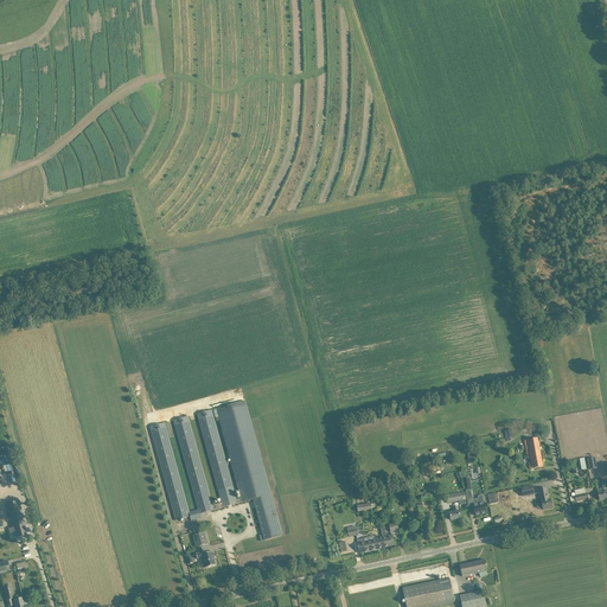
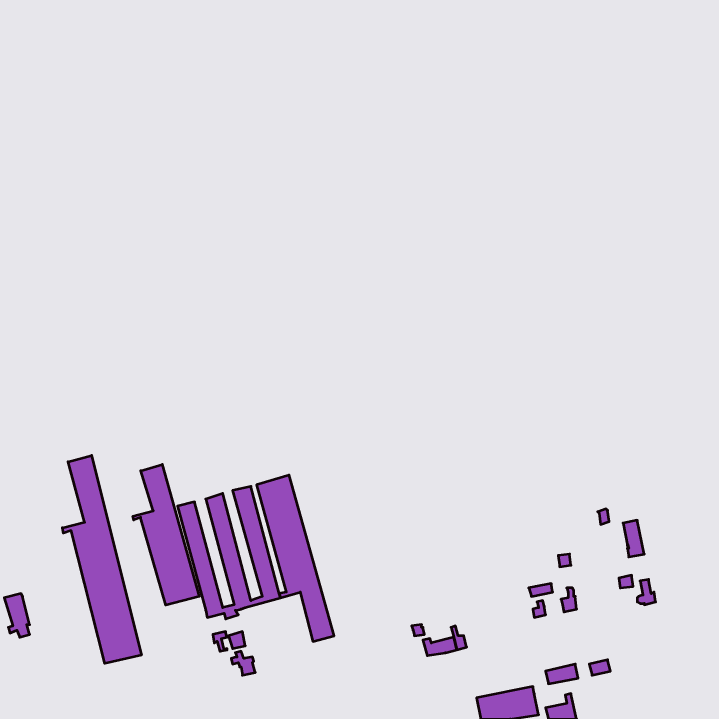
building: none -> [62,455,141,663]
building: none -> [133,464,199,605]

